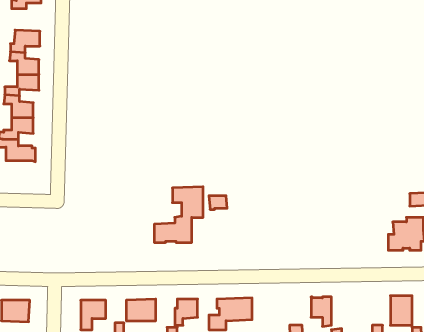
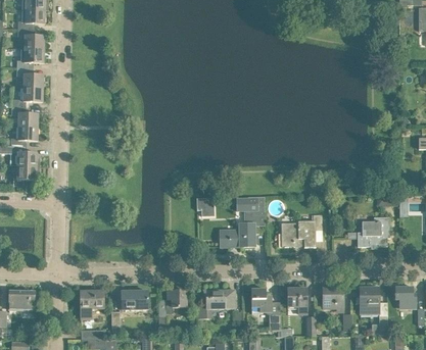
building: none -> [17,29,44,49]
building: none -> [13,165,40,186]
building: [154,187,203,242] -> [221,196,265,246]
building: none -> [281,213,322,247]
building: none -> [323,287,343,311]
building: none -> [251,289,272,311]

